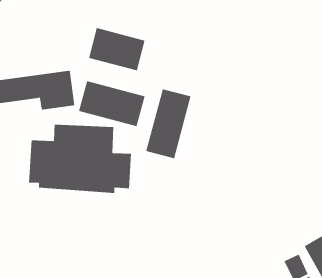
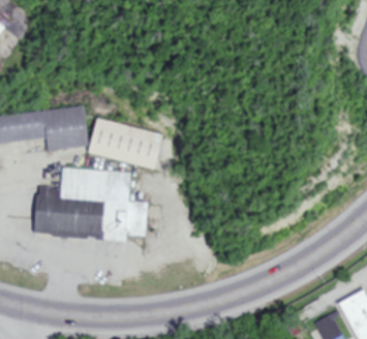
building: [89,27,145,71] -> none
building: [146,88,191,159] -> none

